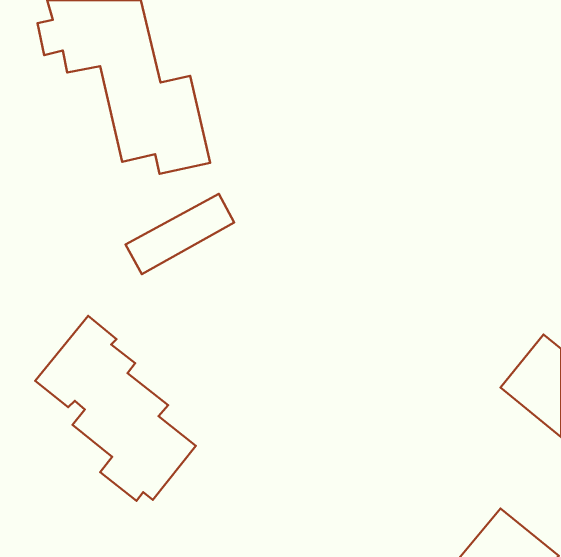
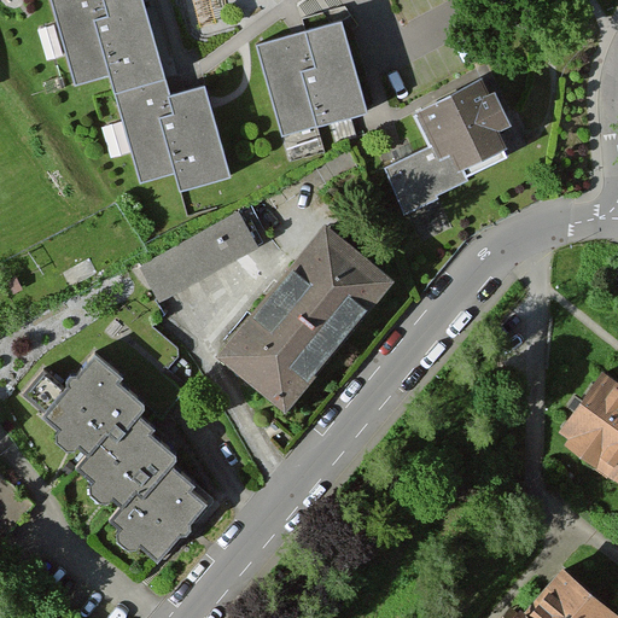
building: none -> [257,19,372,133]
building: none -> [385,81,508,208]
building: none -> [225,218,390,398]

